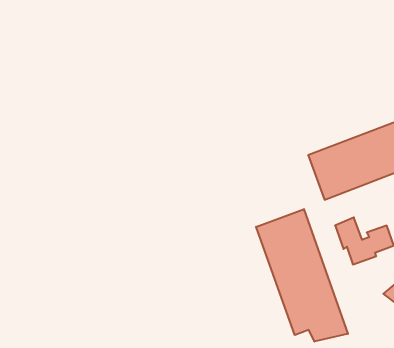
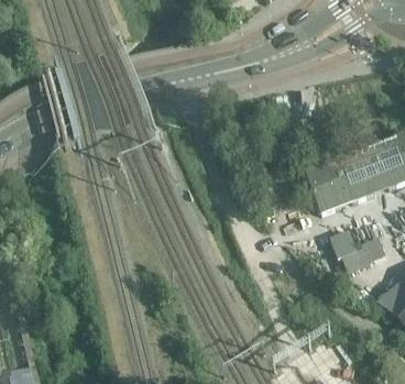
building: [256,209,348,342] -> none

